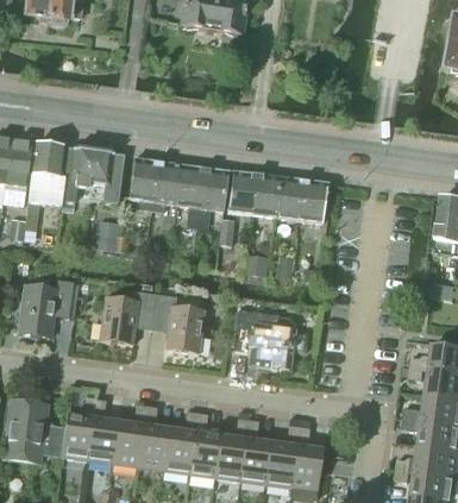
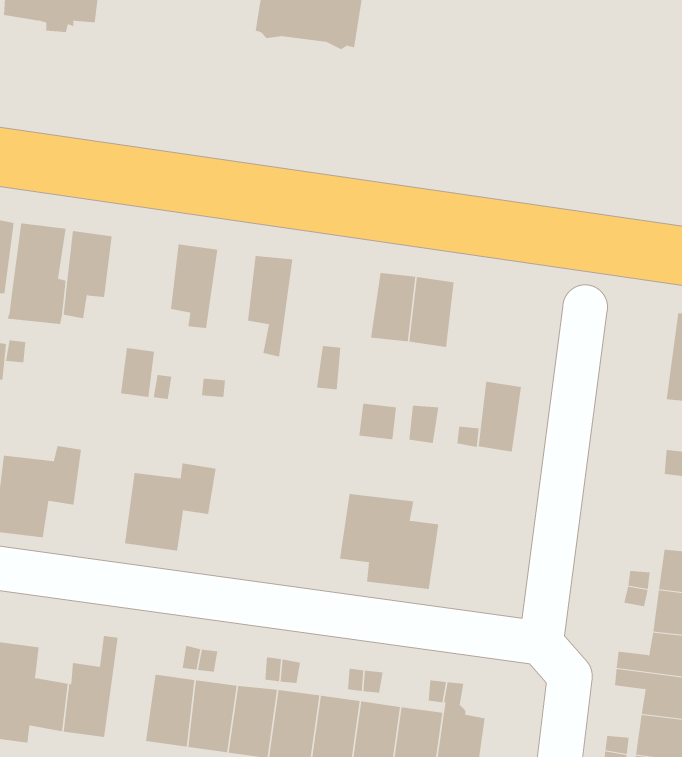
building: [88,150,125,201] -> none
building: [151,158,181,209] -> none
building: [196,164,228,231] -> none
building: [227,169,258,213] -> none
building: [300,178,327,222] -> [478,381,522,452]
building: [152,294,205,353] -> none
building: [88,398,119,463] -> none

